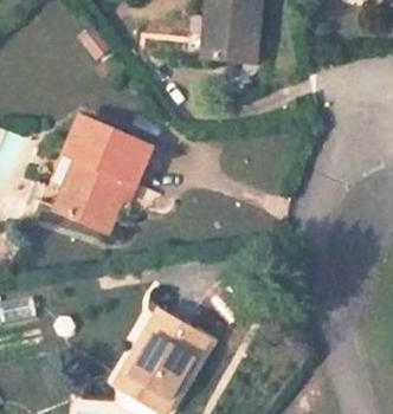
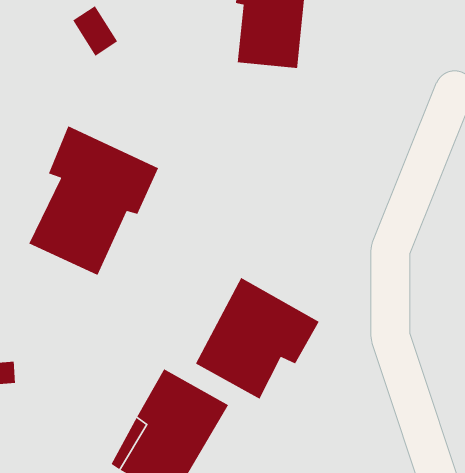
building: none -> [195,277,320,400]

